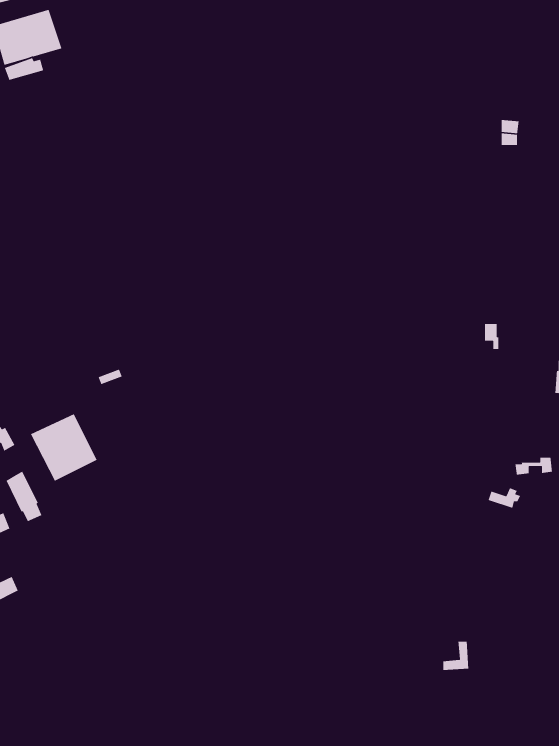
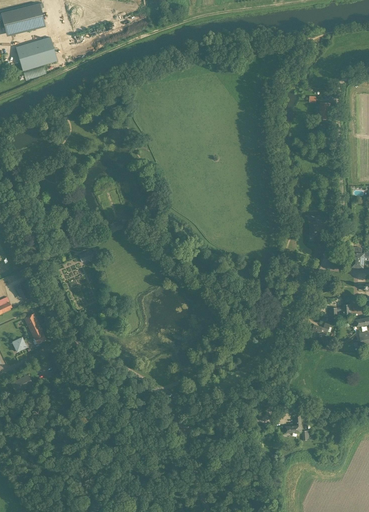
building: [30,413,98,482] -> none

